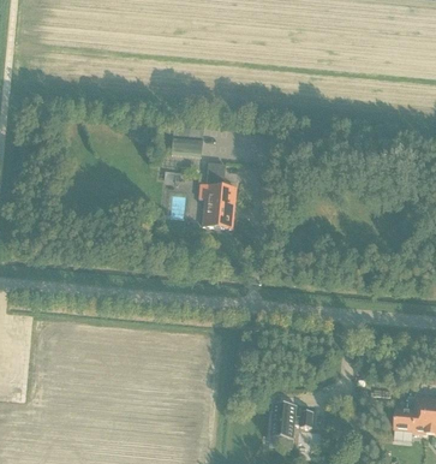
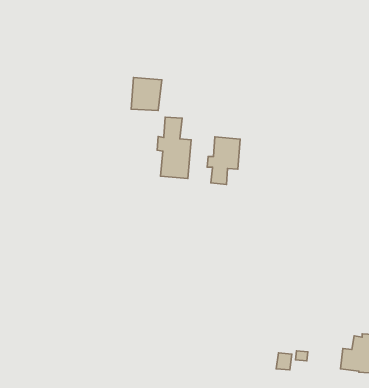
building: none -> [207,137,240,184]
building: [269,403,313,439] -> none

